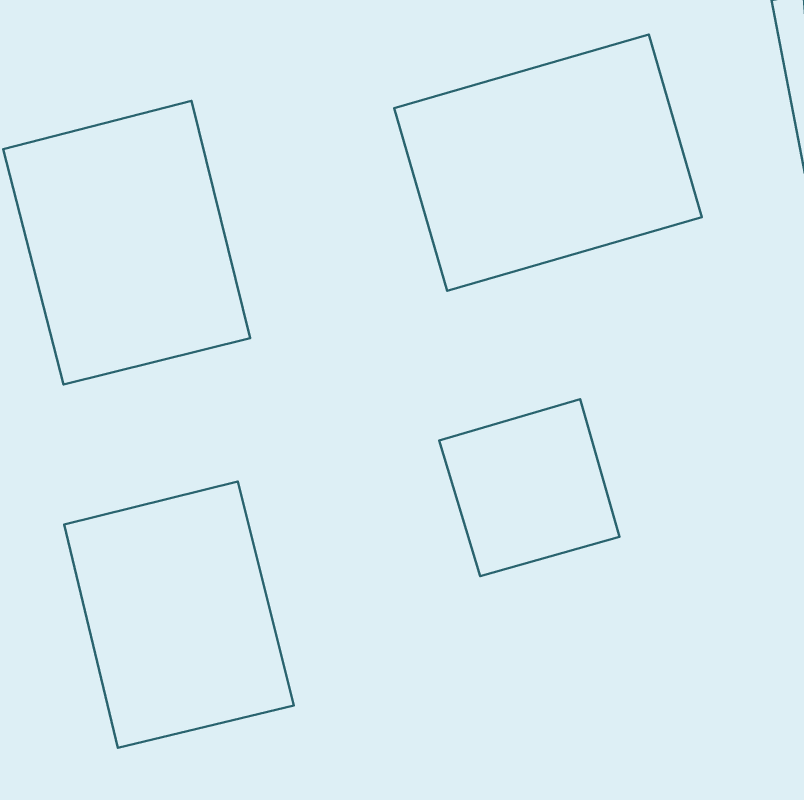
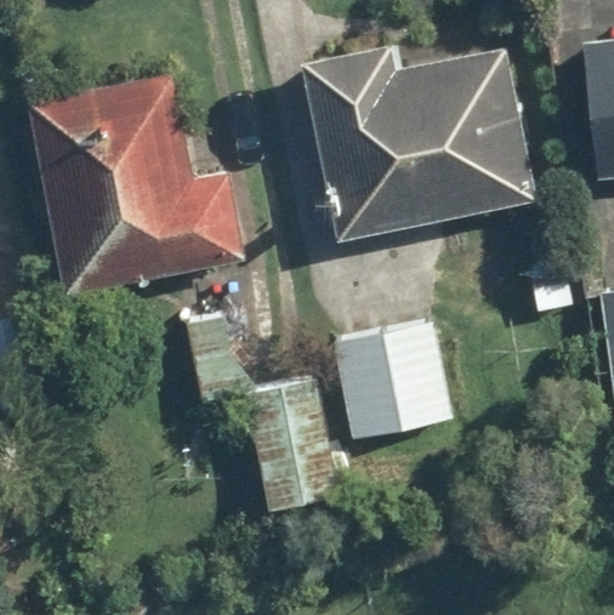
building: [64,481,294,748] -> none
building: none -> [246,383,340,508]

